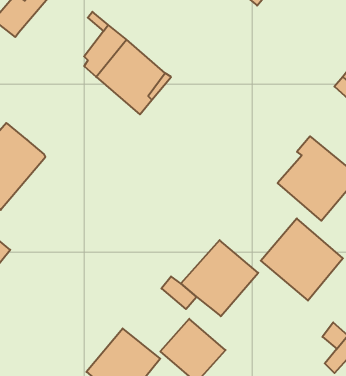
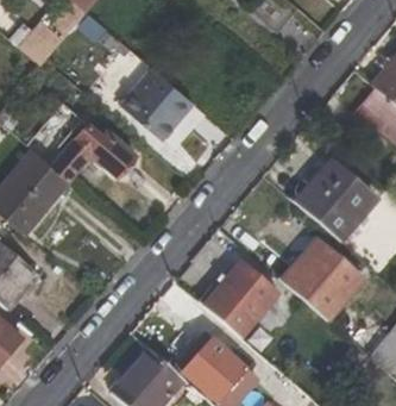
building: none -> [52,107,137,177]

